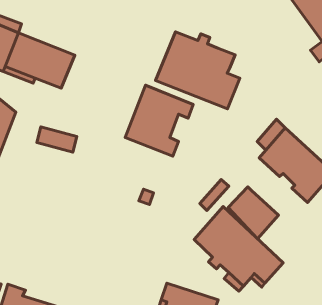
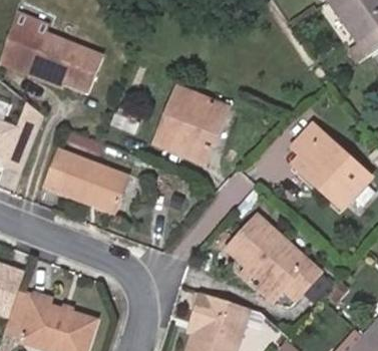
building: [155,32,240,109] -> none
building: none -> [42,149,129,213]
building: [228,187,279,239] -> none

